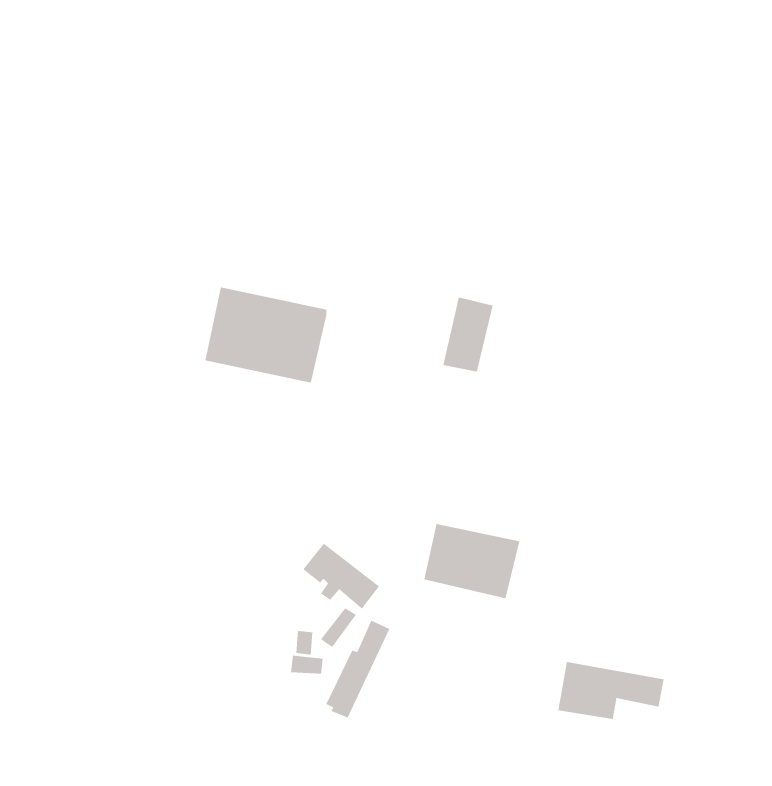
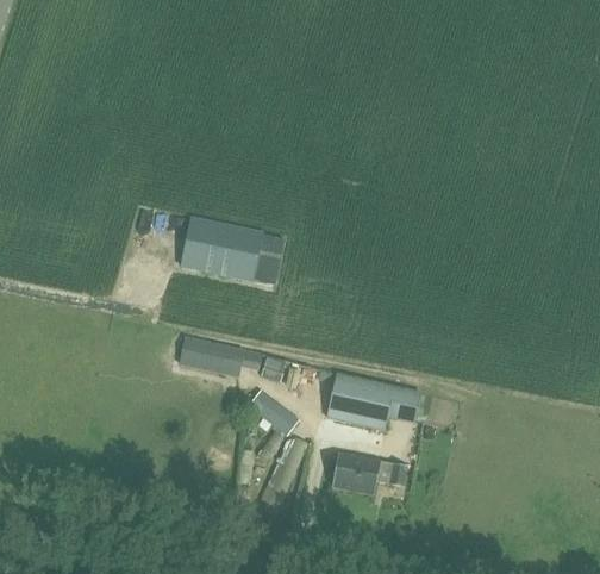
building: [443,297,493,372] -> [252,235,287,286]
building: none -> [179,335,262,375]
building: [557,662,664,719] -> [335,454,407,493]

